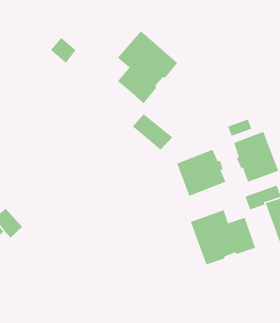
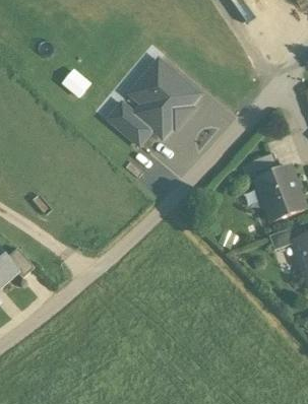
building: [132,113,173,150] -> [109,104,152,143]
building: [176,149,227,197] -> none
building: [190,209,256,265] -> none

